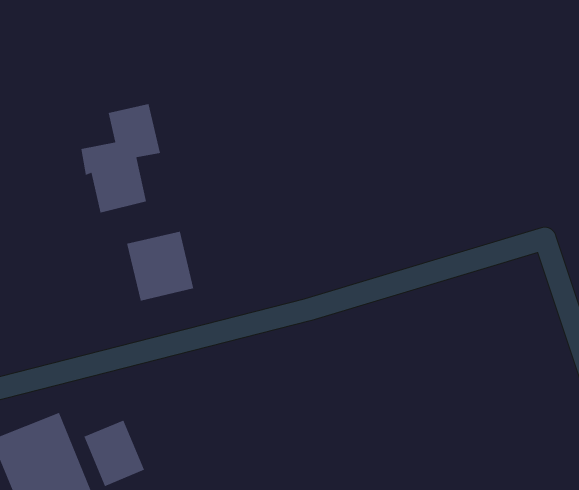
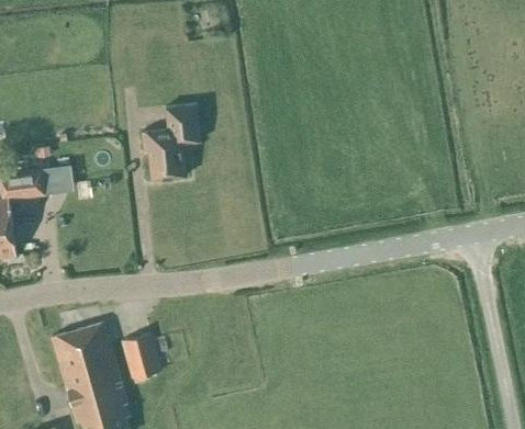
building: [127,231,194,302] -> none

